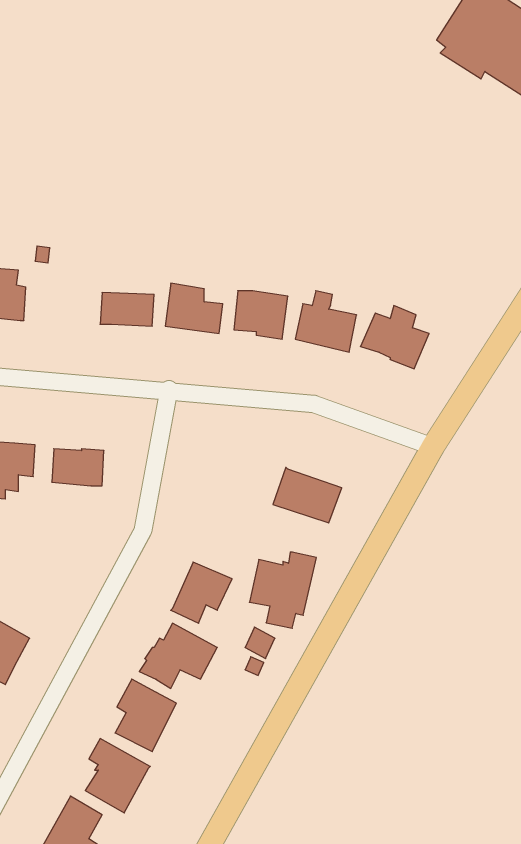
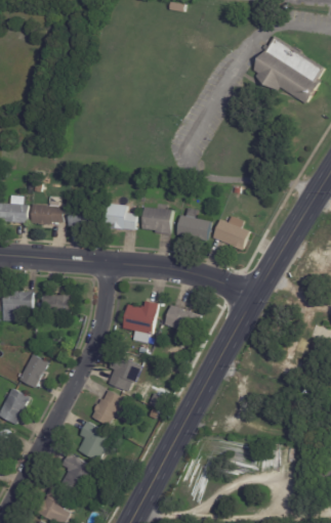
building: none -> [31,204,64,224]
building: [249,552,316,628] -> [123,300,160,342]
building: none -> [18,354,48,388]

